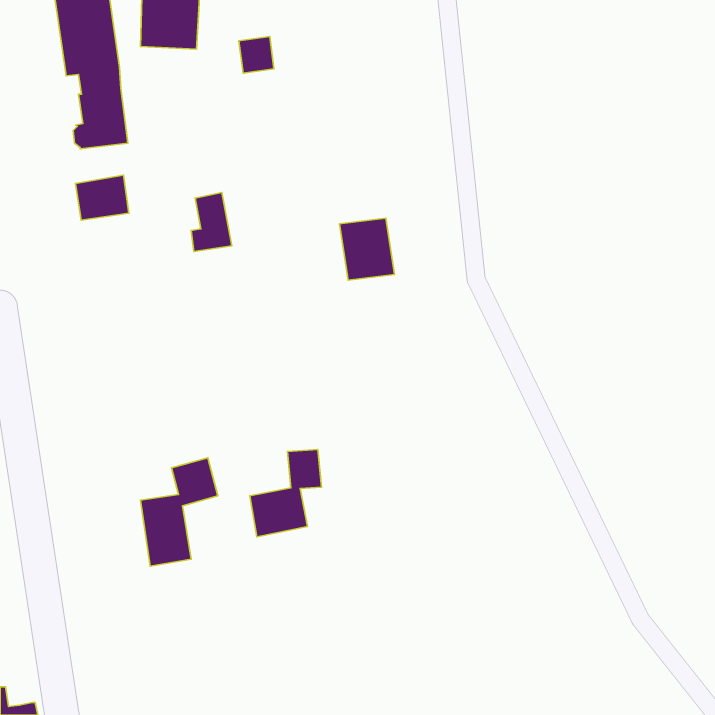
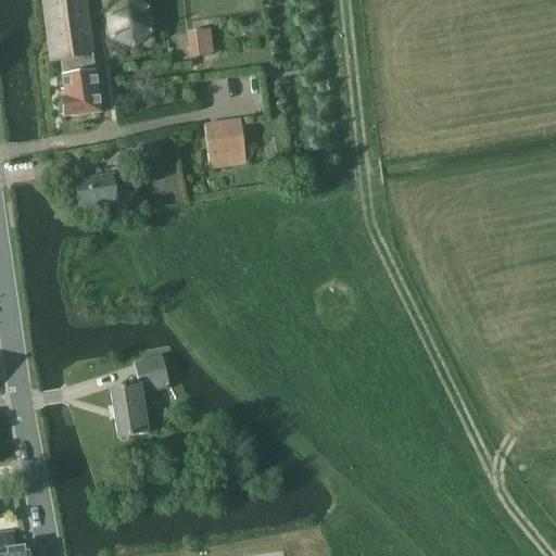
building: [76,175,129,220] -> [76,173,117,207]
building: [340,218,394,280] -> [205,119,248,167]
building: [250,449,322,537] -> none

